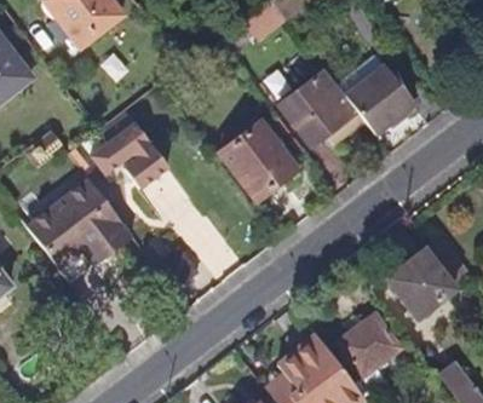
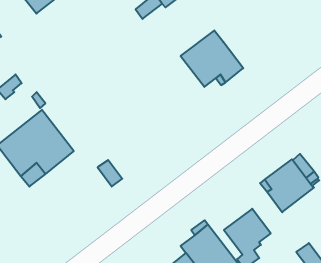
building: [337,54,414,134] -> none
building: [85,108,172,186] -> none
building: [220,122,295,198] -> none

